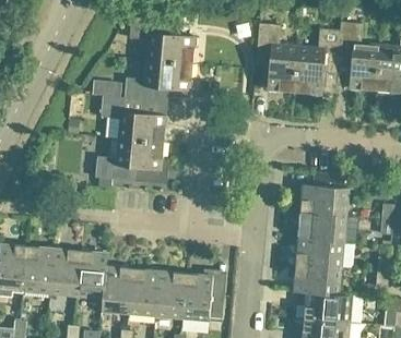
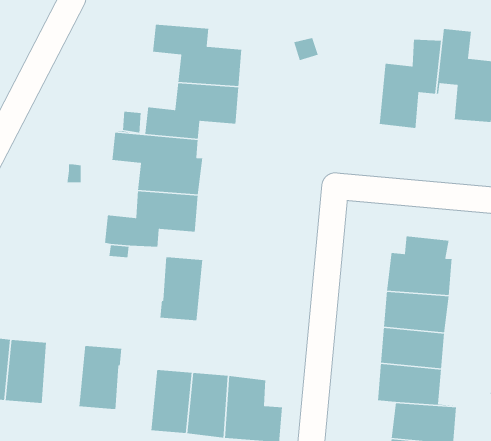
building: [257,23,299,90] -> none
building: [50,249,81,295] -> none
building: [102,266,133,313] -> [160,257,203,321]

